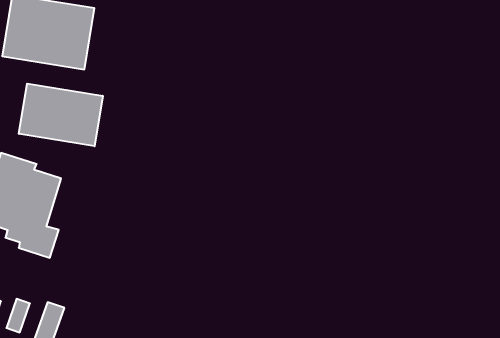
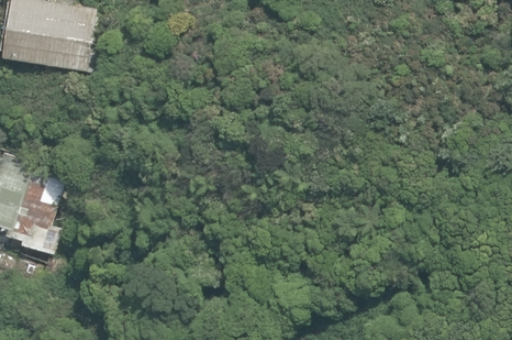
building: [19,84,103,146] -> none

